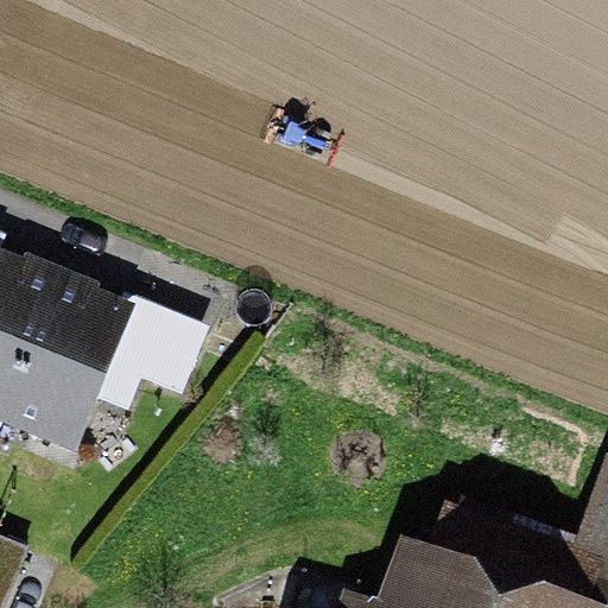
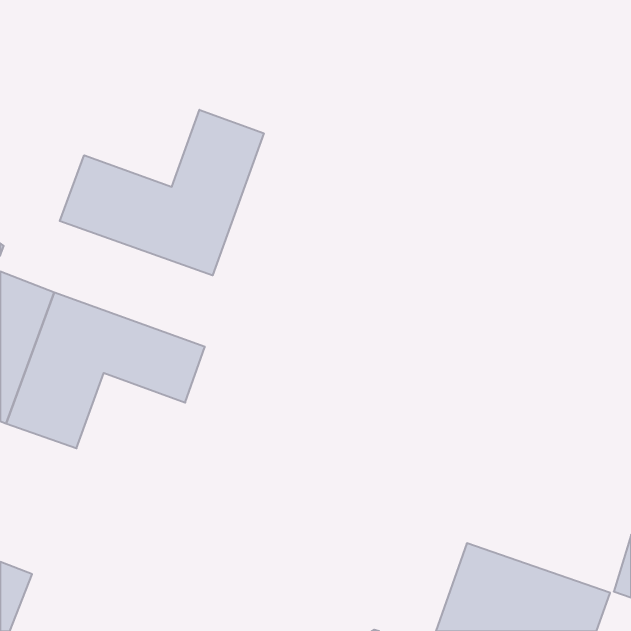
building: none -> [60,110,264,275]

